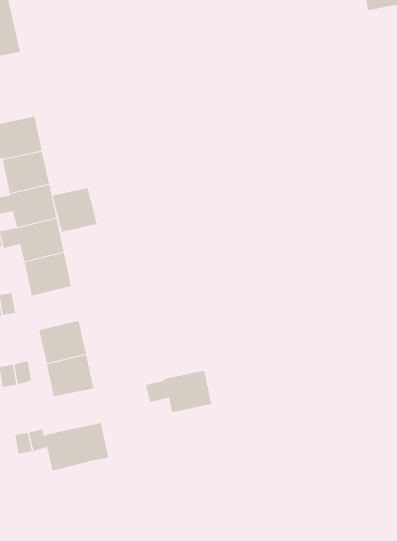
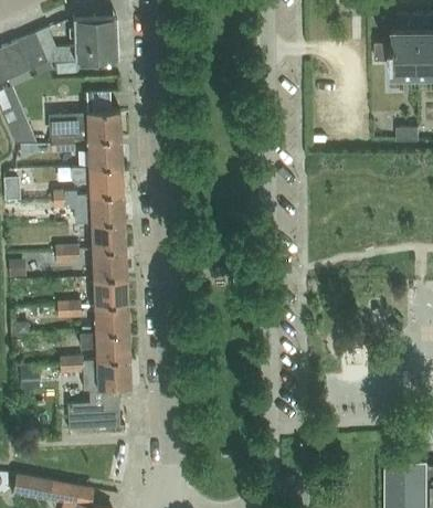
building: [52,187,97,232] -> none
building: none -> [92,250,126,279]
building: [145,370,212,413] -> [80,332,129,361]
building: none -> [67,389,125,430]

